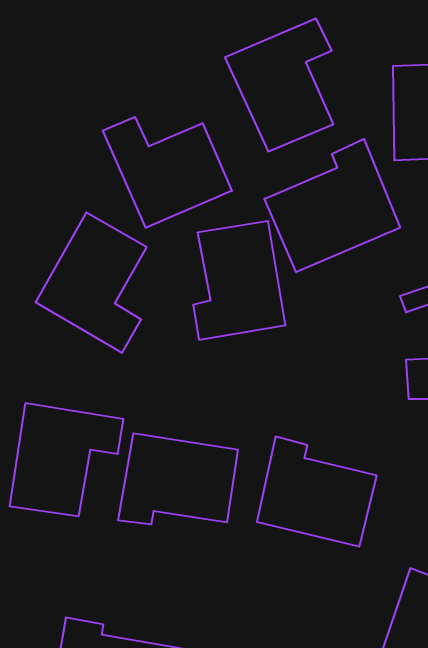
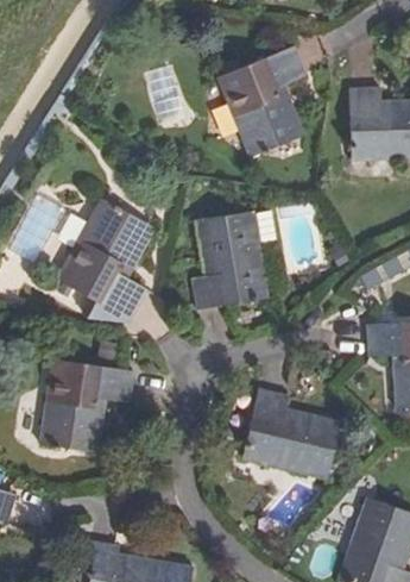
building: [103,117,232,228] -> none
building: [264,139,400,272] -> none
building: [118,433,238,524] -> none

